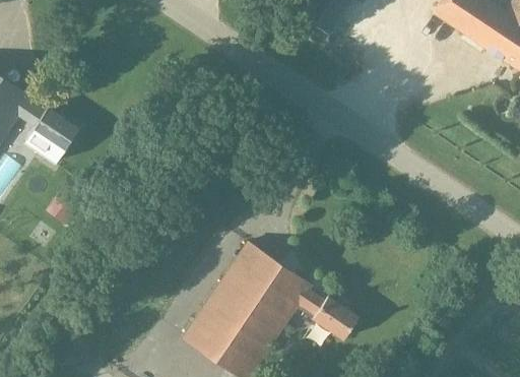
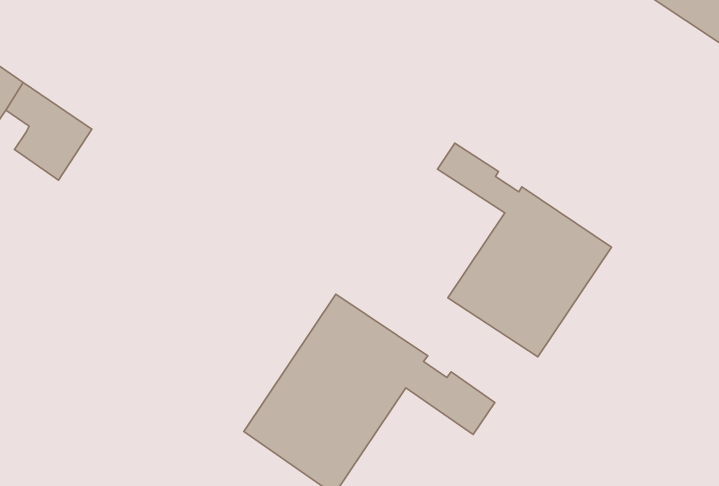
building: none -> [438,143,611,357]

